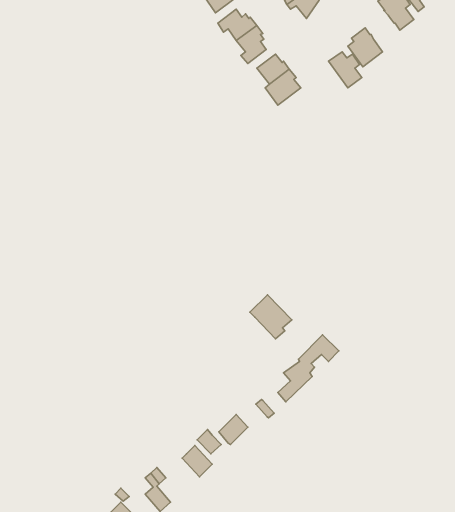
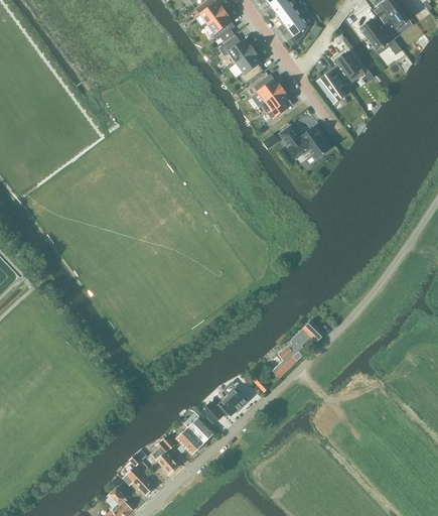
building: none -> [280,124,329,157]
building: [250,295,292,339] -> none
building: none -> [176,426,203,454]

